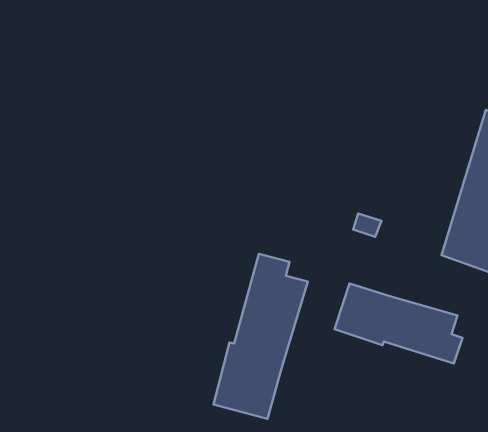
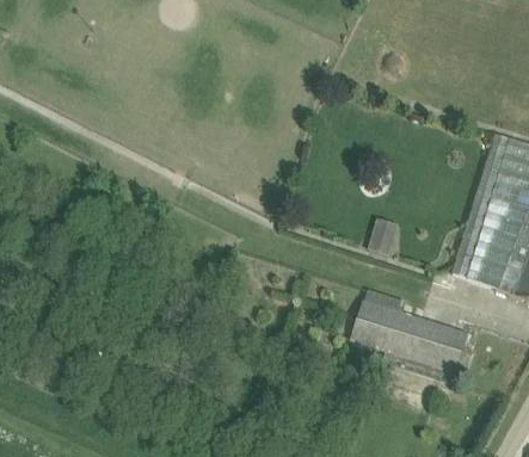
building: [213,254,308,419] -> none

